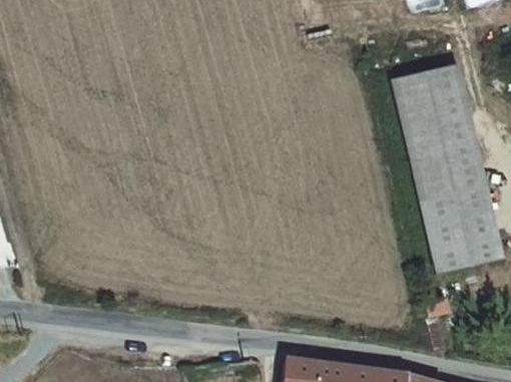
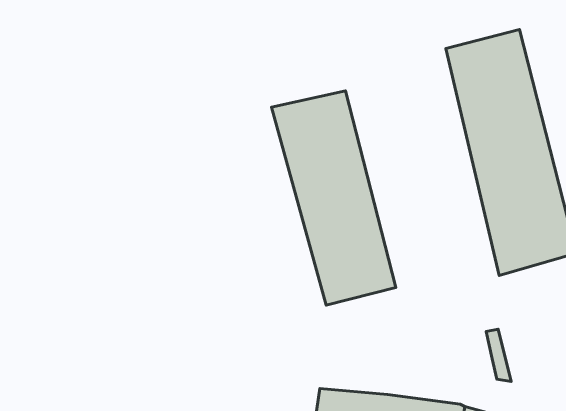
building: none -> [271,91,396,305]

